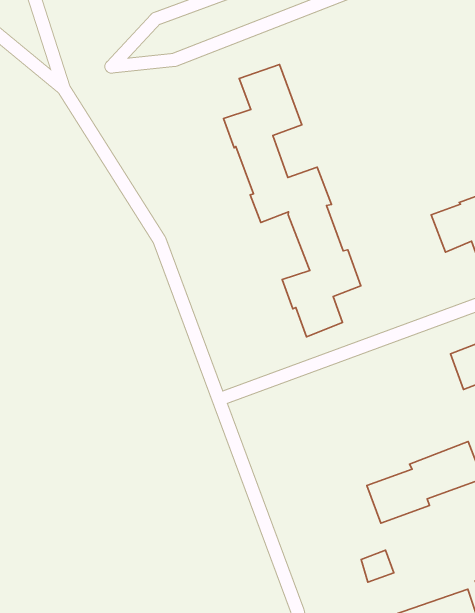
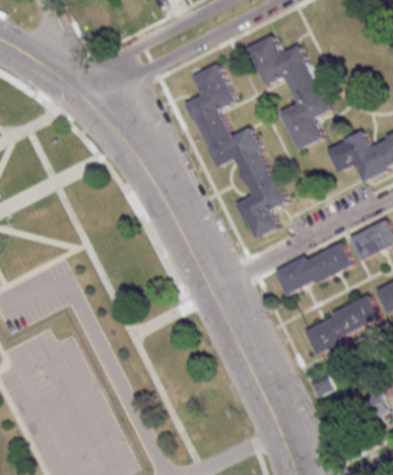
building: none -> [247,35,331,149]
building: none -> [274,242,353,295]

